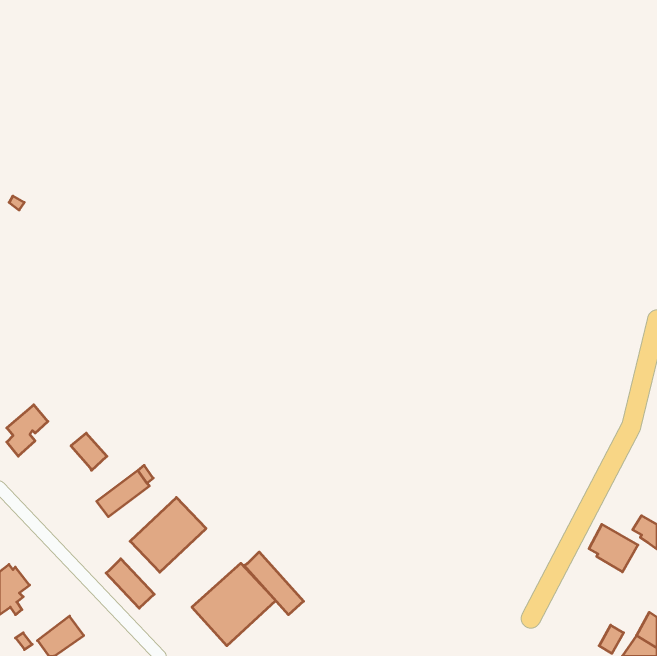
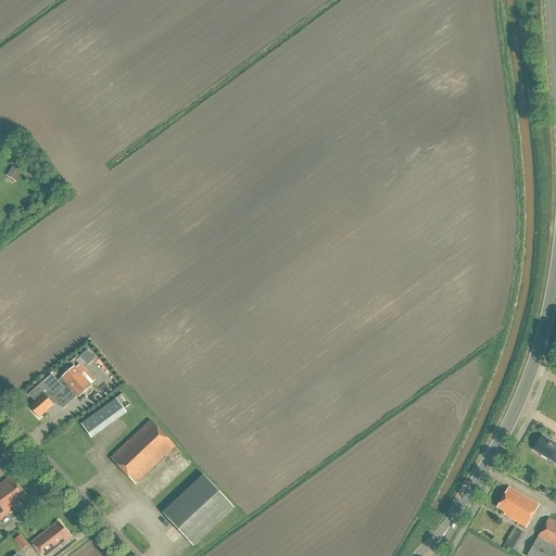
building: [7,405,48,456] -> [28,372,63,416]
building: [589,524,638,572] -> [496,485,538,526]
building: [244,552,304,615] -> none
building: [106,559,154,608] -> none

